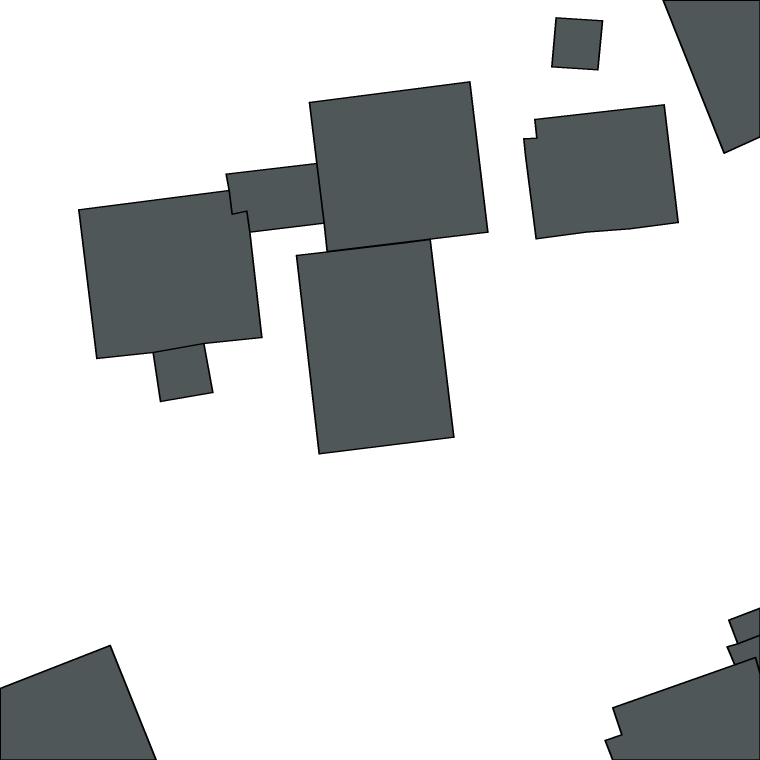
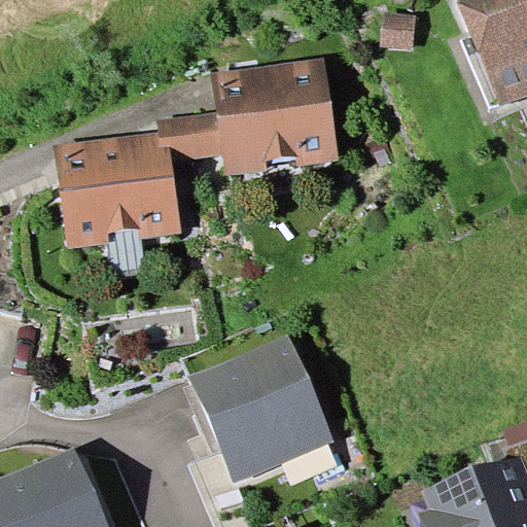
building: [524,105,678,239] -> none
building: [297,239,454,454] -> none
building: none -> [190,333,335,482]

